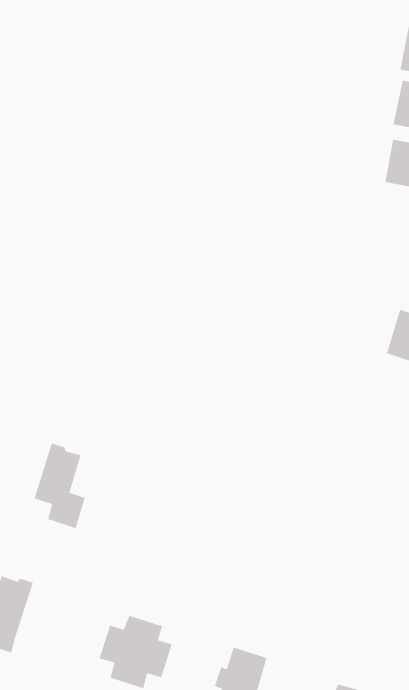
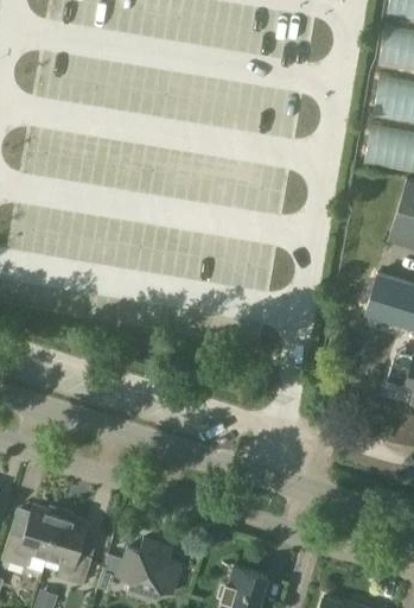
building: [33,443,86,529] -> [46,509,91,584]

